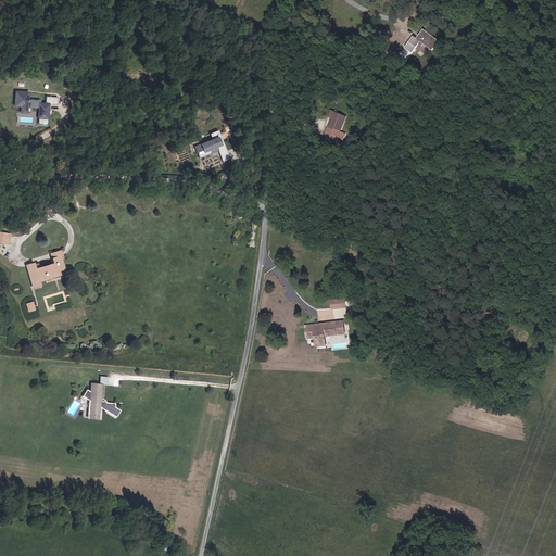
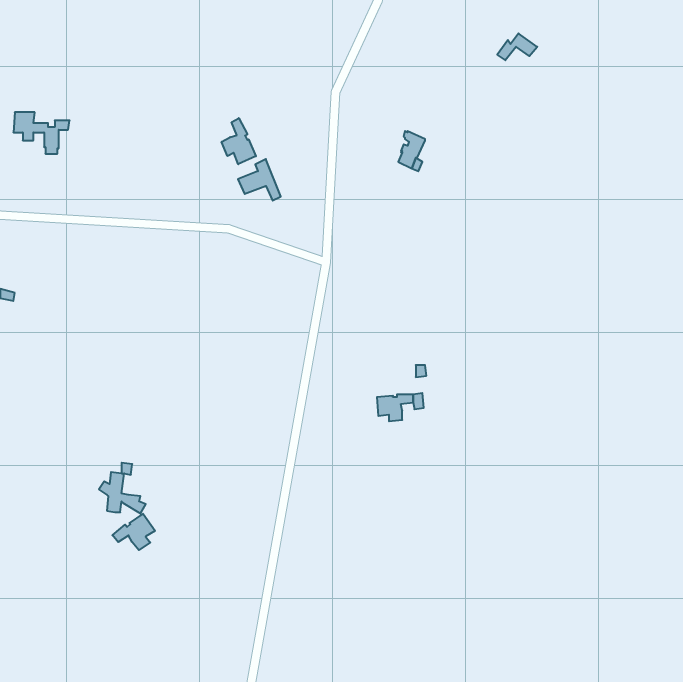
building: none -> [222,118,256,164]
building: [29,254,67,290] -> none
building: none -> [112,514,155,550]

